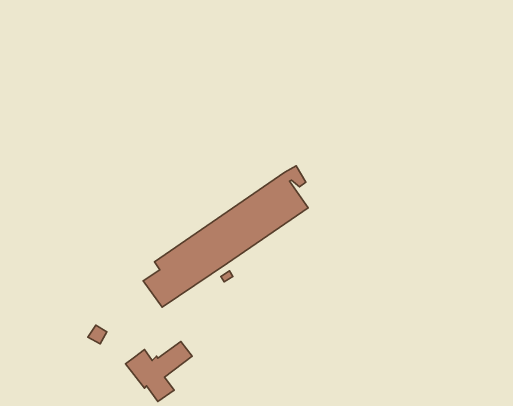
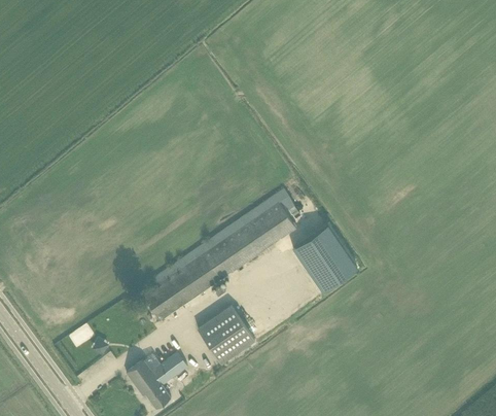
building: none -> [293,224,357,291]
building: none -> [198,306,254,362]

